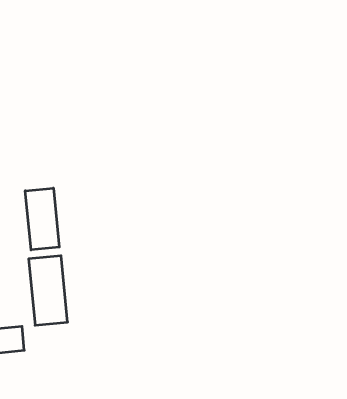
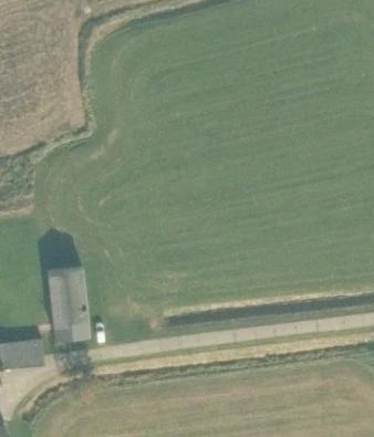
building: [25,188,59,250] -> none

